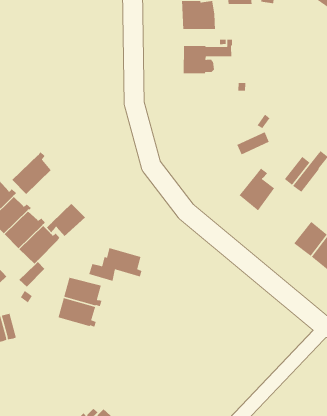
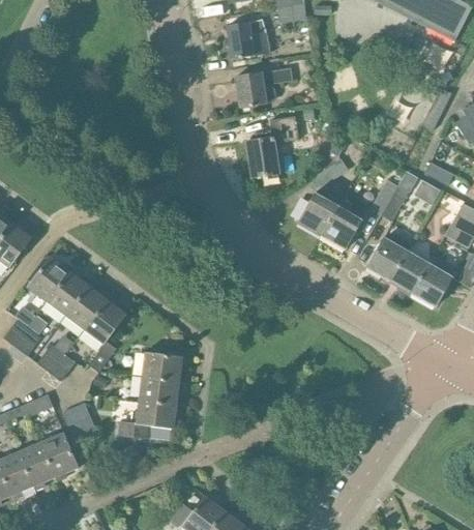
building: none -> [244,116,298,177]
building: [12,151,52,195] -> none
building: none -> [296,193,337,235]
building: [46,203,86,237] -> none
building: none -> [366,233,411,279]
building: [88,247,142,282] -> [119,401,179,439]

